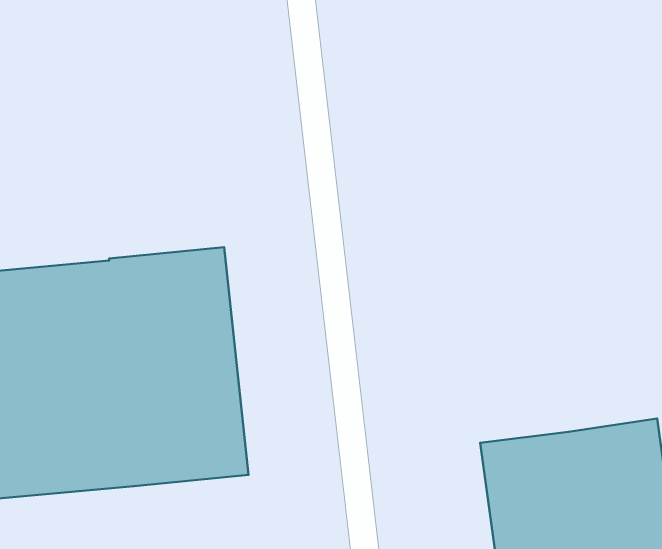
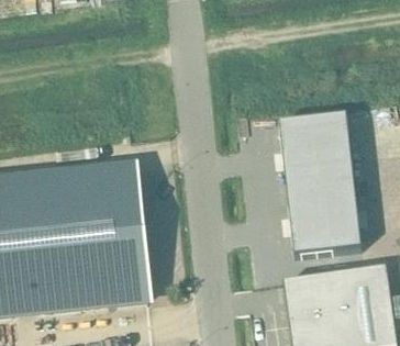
building: none -> [279,110,363,250]

